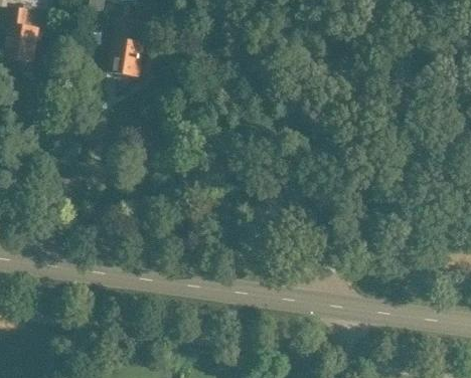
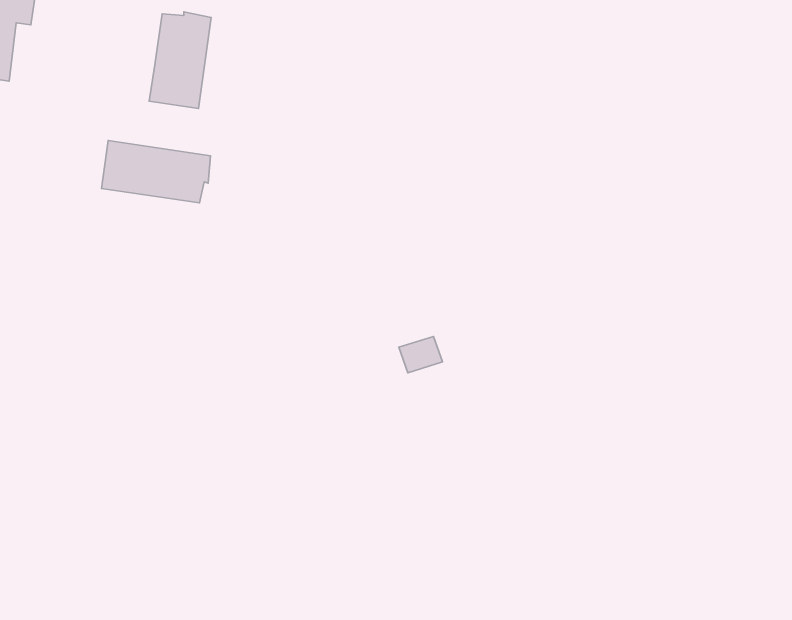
building: none -> [101,140,210,203]

